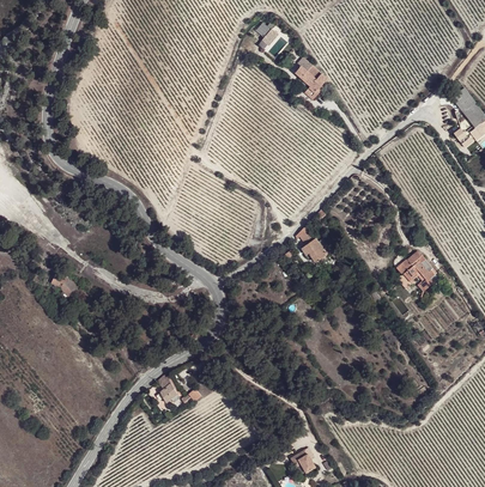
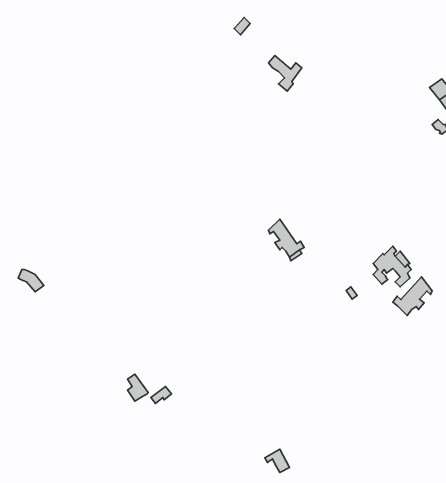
building: none -> [393,277,432,315]

